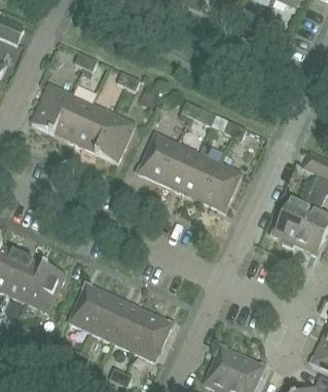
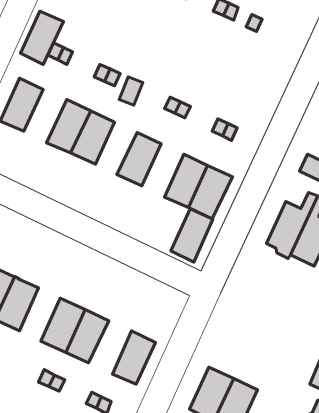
building: [52,93,92,142] -> [20,11,63,65]
building: [159,143,197,191] -> [171,209,213,262]
building: [111,303,150,351] -> none

